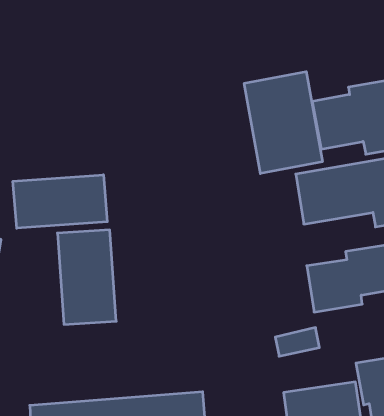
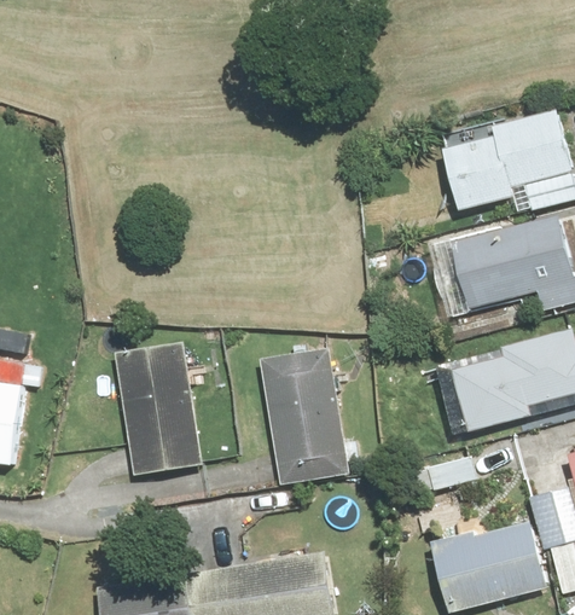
building: [244,72,322,174] -> none
building: [13,175,107,228] -> none
building: none -> [263,347,348,481]

